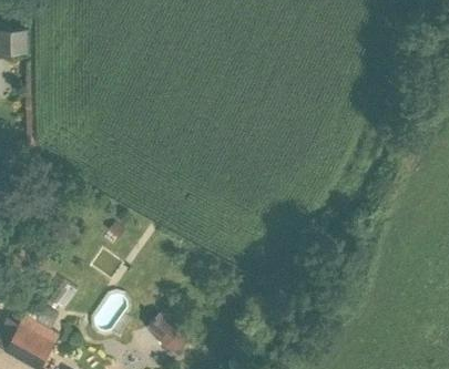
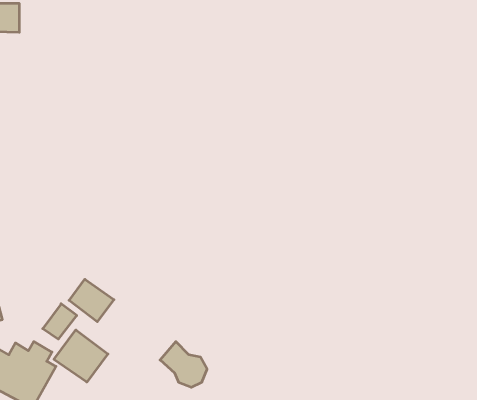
building: none -> [69,279,114,322]
building: none -> [54,330,108,382]

